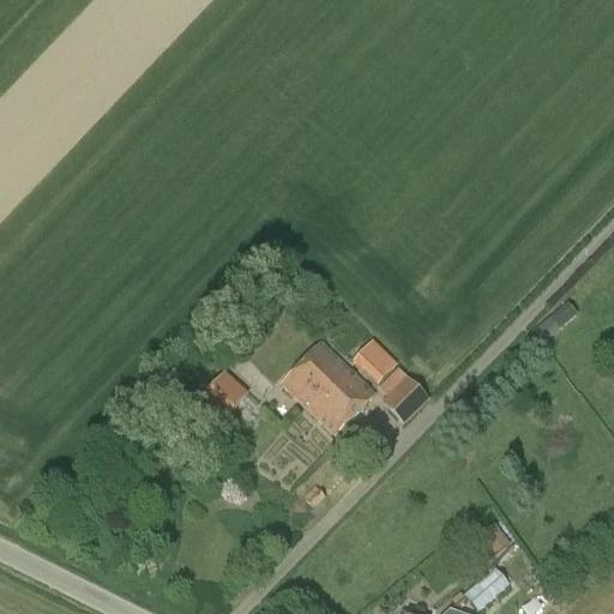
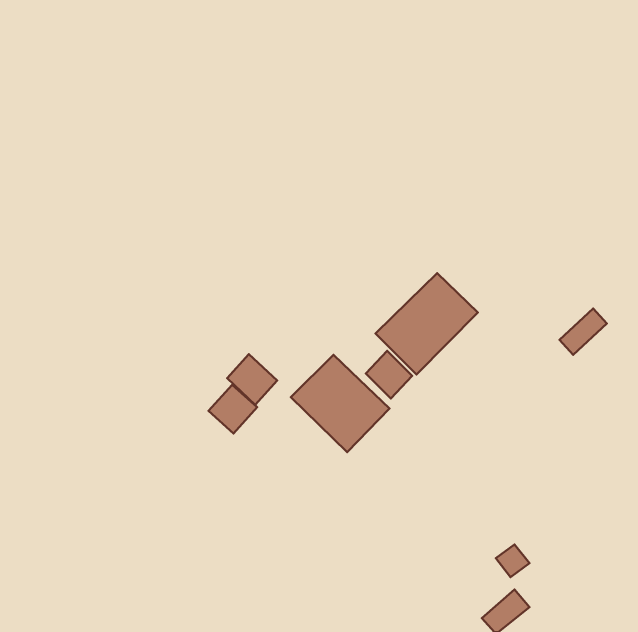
building: none -> [376,273,478,374]
building: none -> [227,354,277,405]
building: [380,374,428,425] -> none

